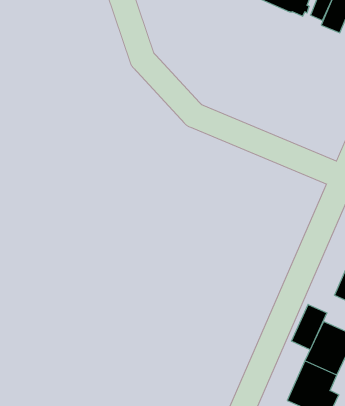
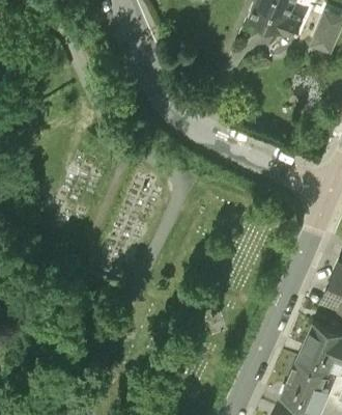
building: [292,304,327,350] -> none

